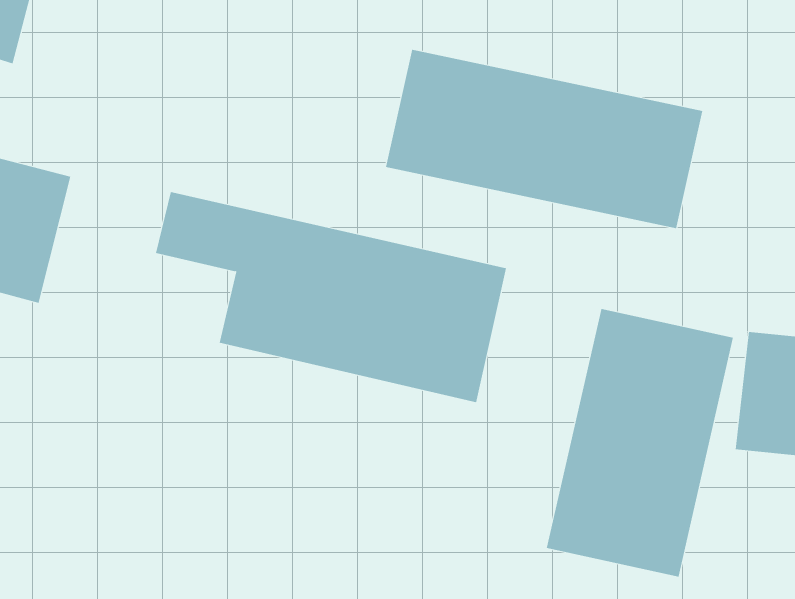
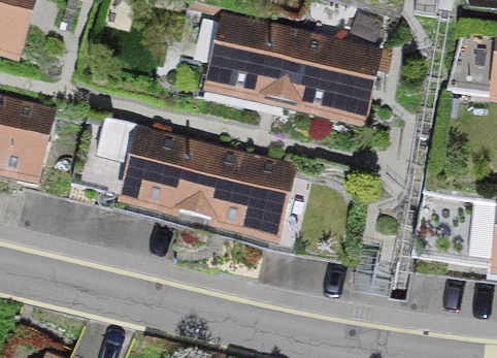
building: [546,308,733,578] -> none

